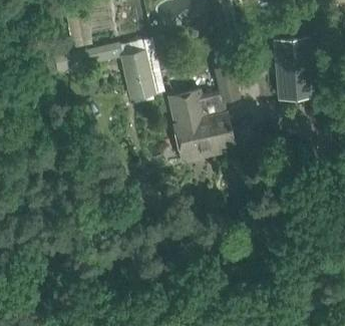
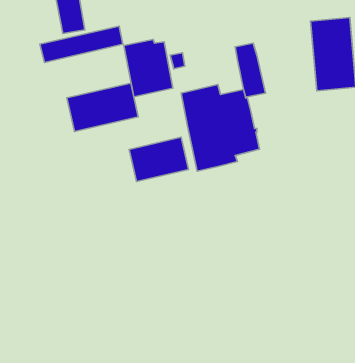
building: none -> [67,83,138,132]
building: none -> [129,137,189,182]

